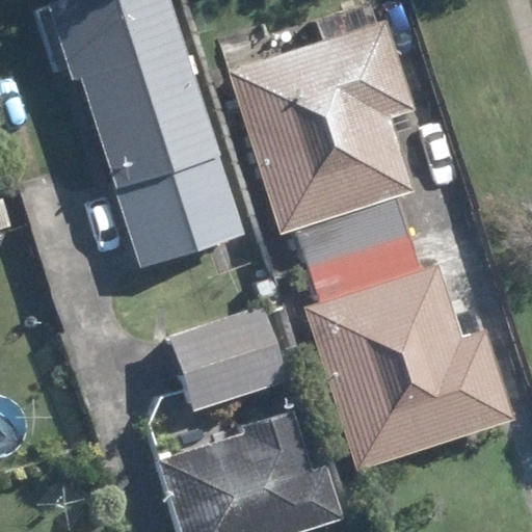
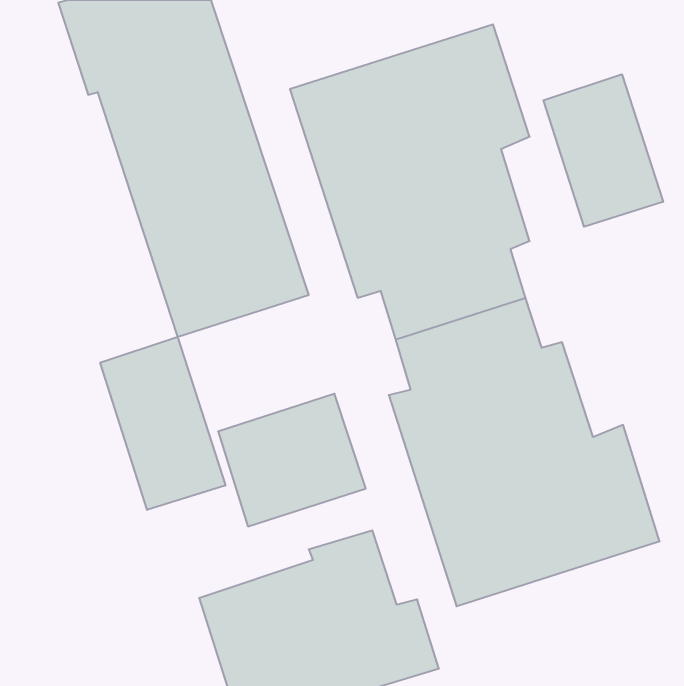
building: none -> [543,74,663,227]
building: none -> [100,337,225,510]

